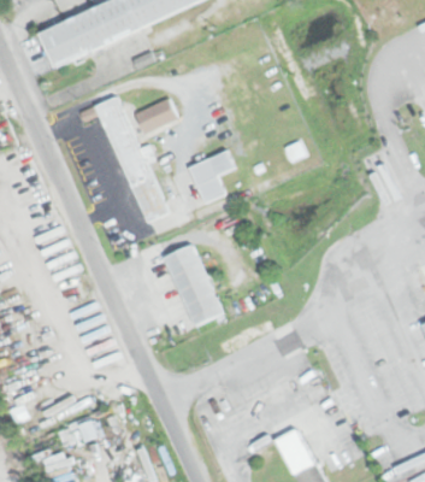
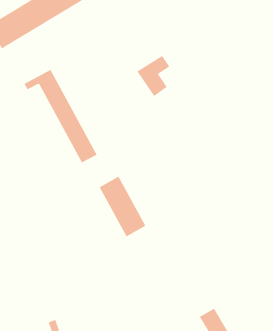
building: [136,99,179,135] -> none
building: [189,152,234,205] -> [136,55,170,97]

